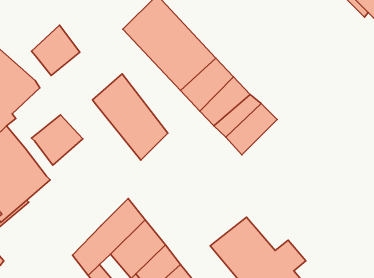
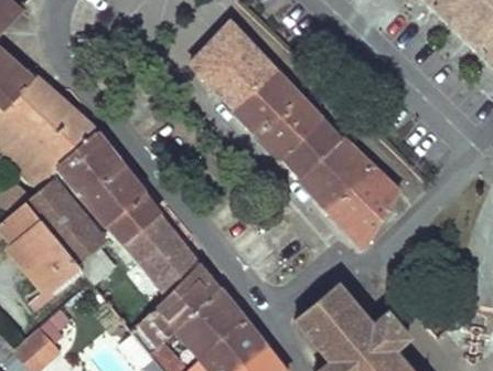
building: [32,25,80,75] -> [60,131,117,191]
building: [92,74,168,160] -> [108,192,197,295]
building: none -> [332,169,398,243]

